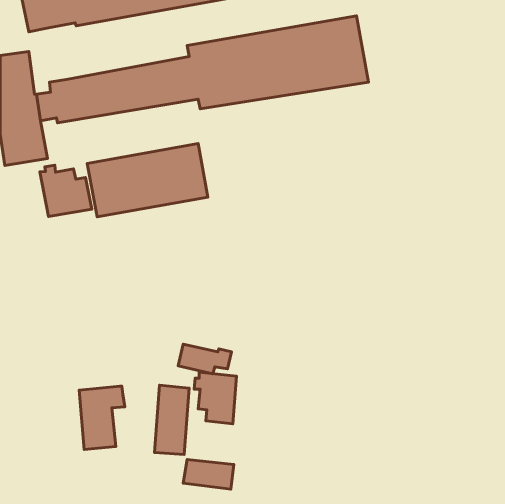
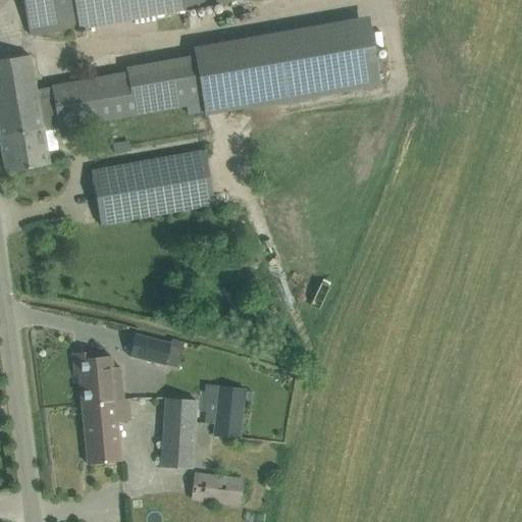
building: [40,165,92,217] -> none
building: none -> [73,350,124,402]
building: [178,344,232,374] -> [129,331,185,362]

